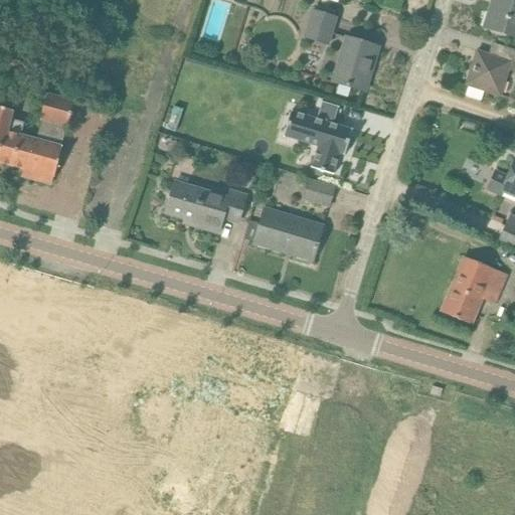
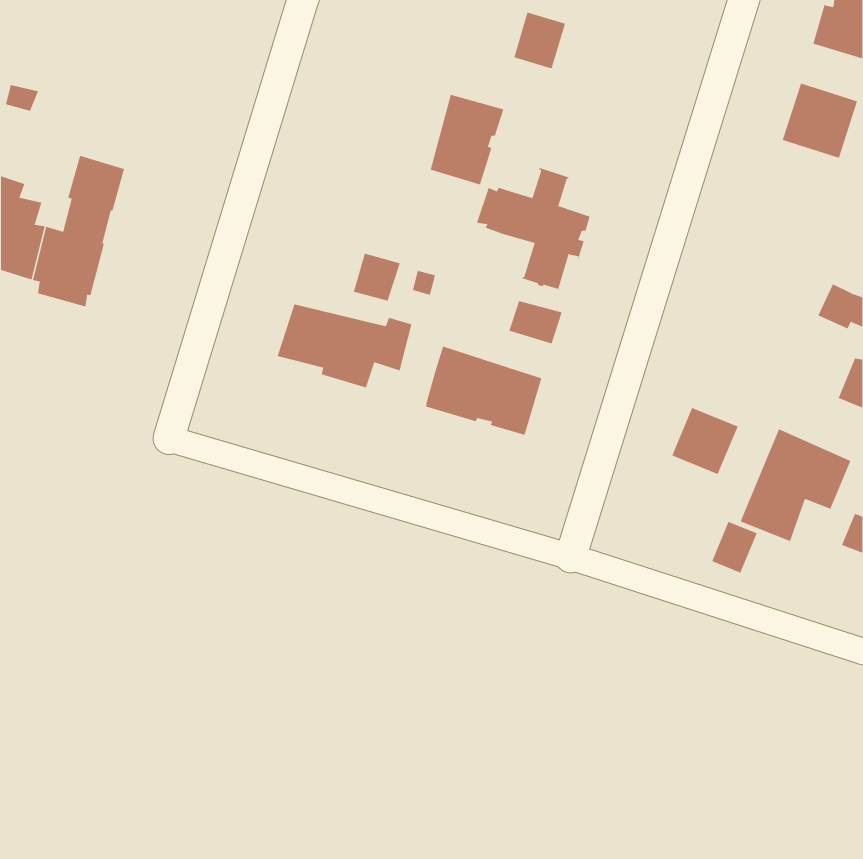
building: [334,36,378,91] -> [430,94,504,185]
building: none -> [353,253,401,301]
building: none -> [671,407,738,475]
building: none -> [711,521,758,573]

